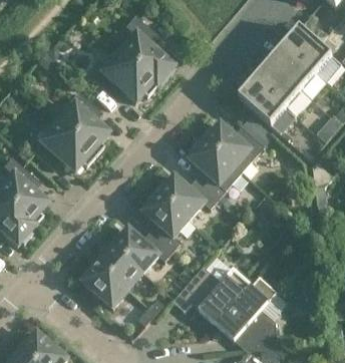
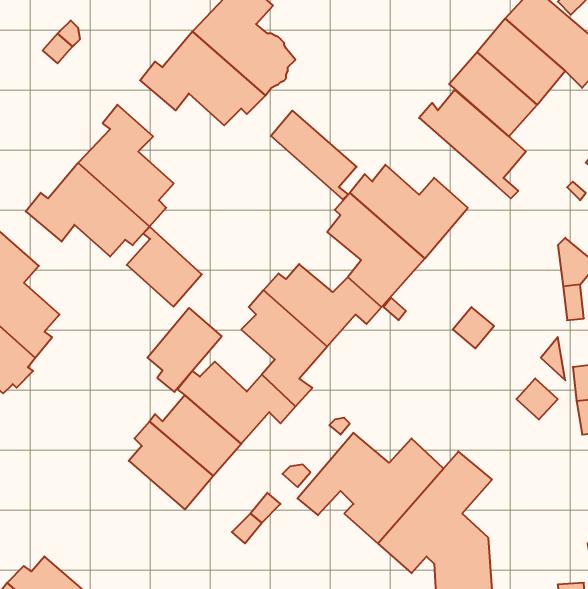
building: none -> [271,111,357,200]
building: none -> [127,227,202,307]
building: none -> [147,308,222,392]

